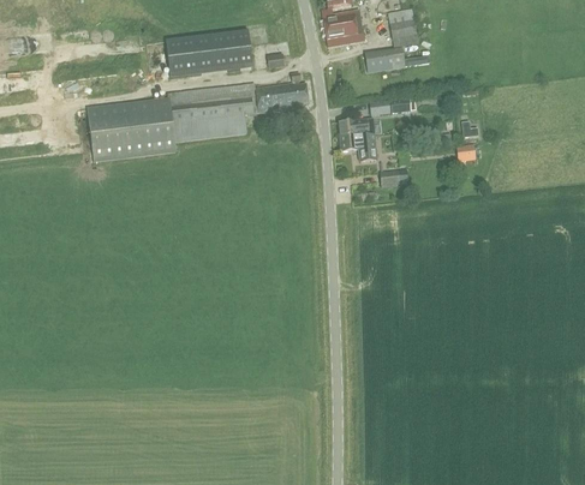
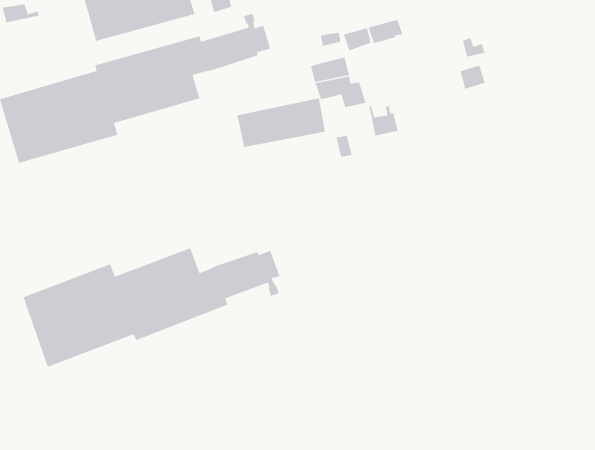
building: none -> [236,97,326,148]
building: none -> [22,247,280,368]

